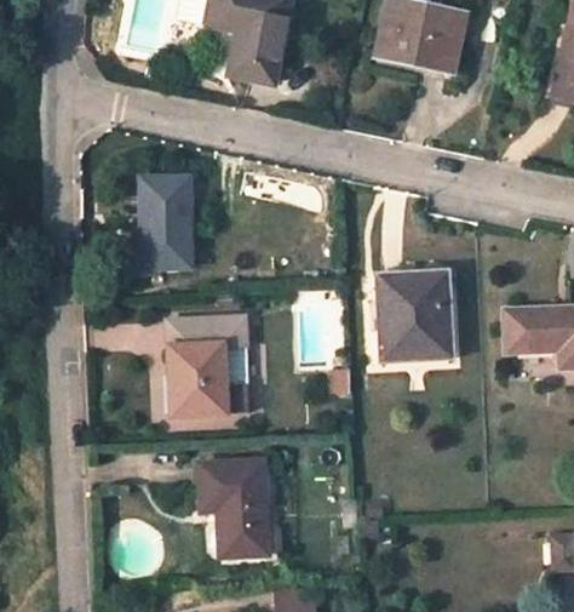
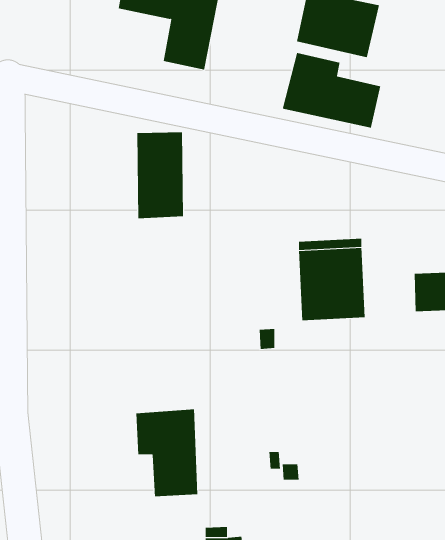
building: none -> [282,52,381,128]
building: [139,175,191,270] -> [136,132,184,219]
building: [168,319,249,416] -> none

